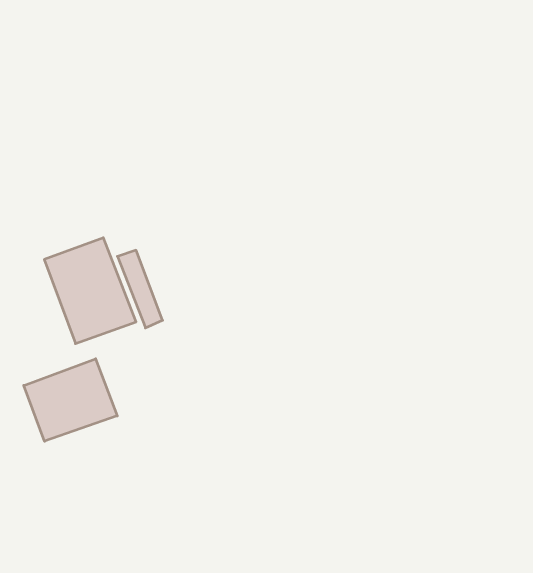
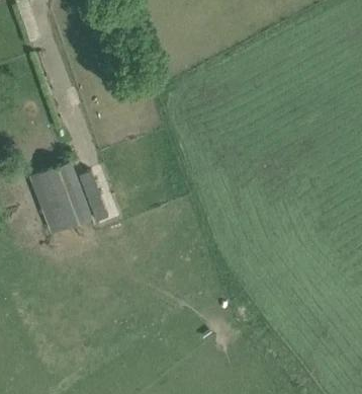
building: [24,359,117,441] -> none

